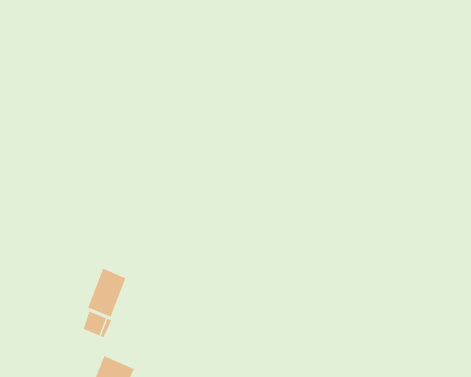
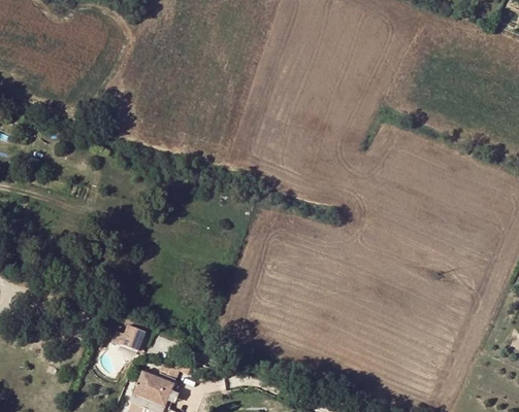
building: [87,268,126,318] -> none

